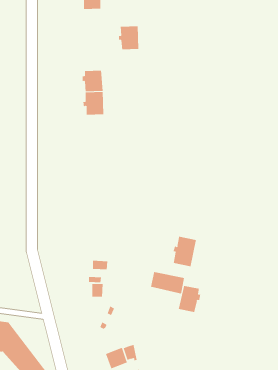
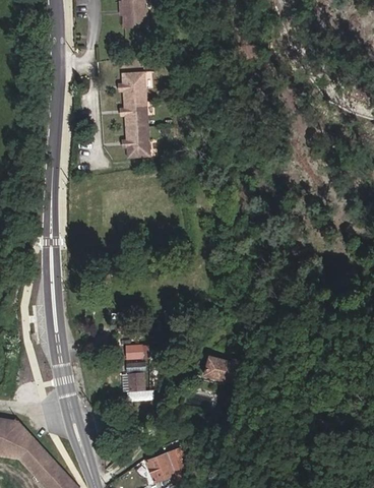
building: [118,26,139,50] -> [117,73,143,104]
building: [173,236,196,267] -> none
building: [178,285,201,313] -> none

